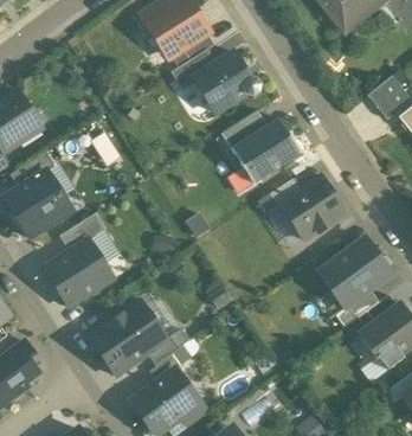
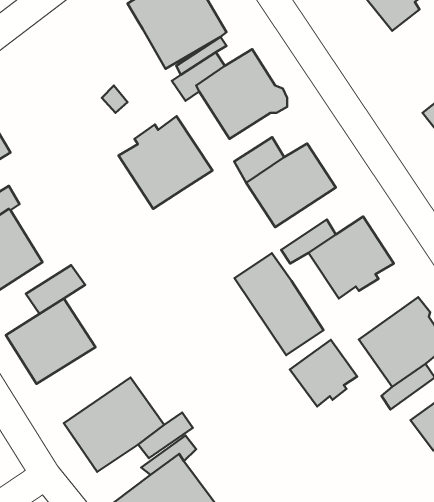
building: none -> [119,116,213,209]
building: none -> [235,253,324,355]
building: none -> [290,340,357,406]

